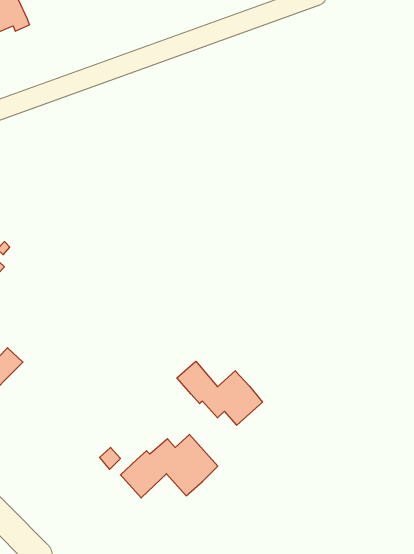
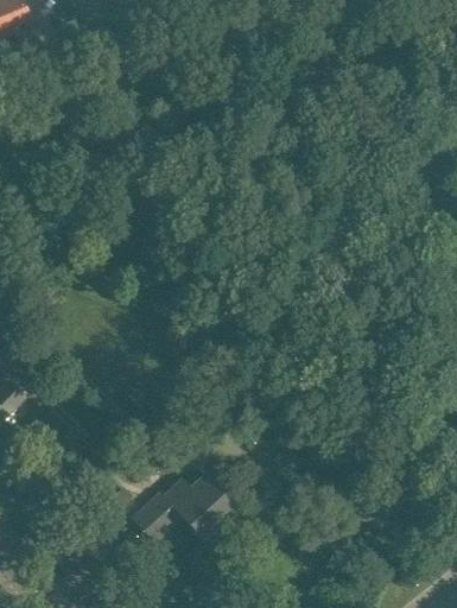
building: [177,361,263,425] -> none

